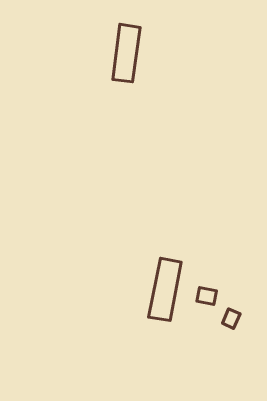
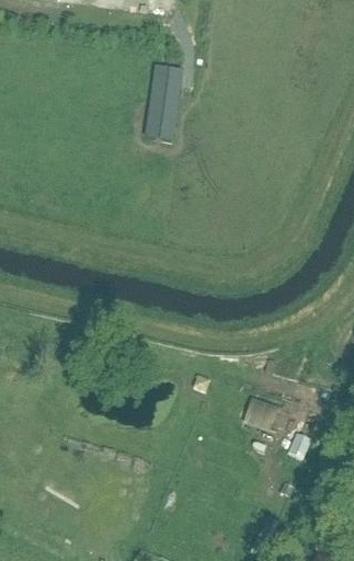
building: [148,258,181,321] -> none

